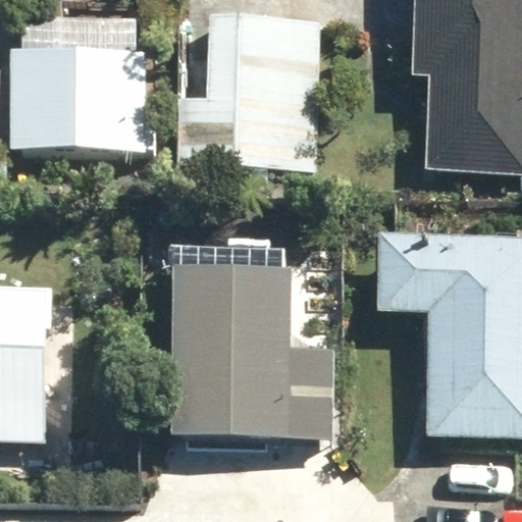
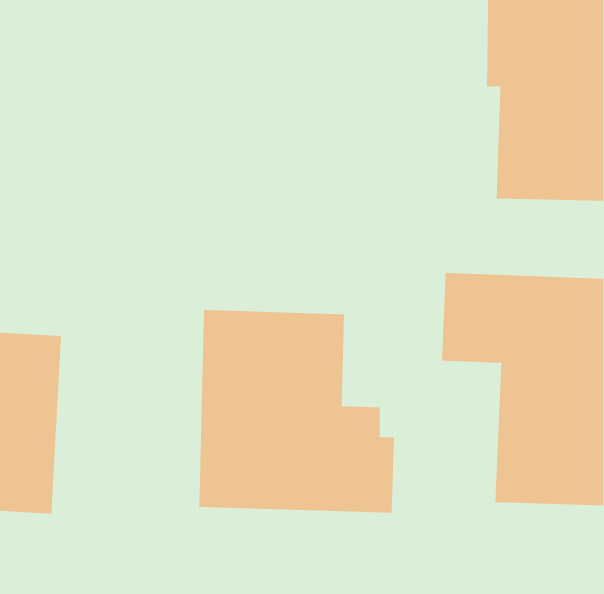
building: [176,13,319,163] -> none
building: [10,44,150,151] -> none

